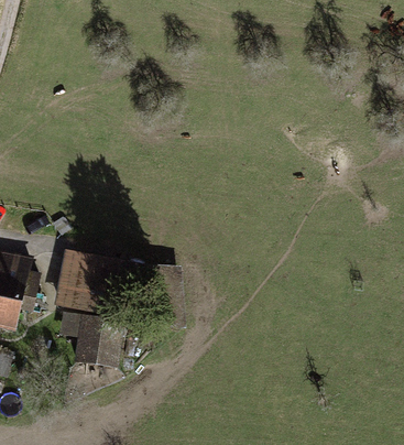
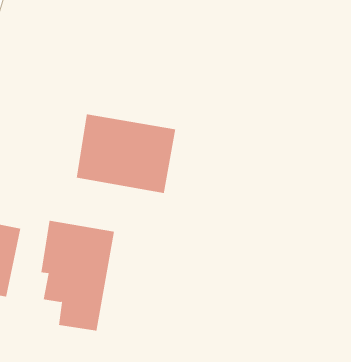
building: none -> [76,114,176,194]

